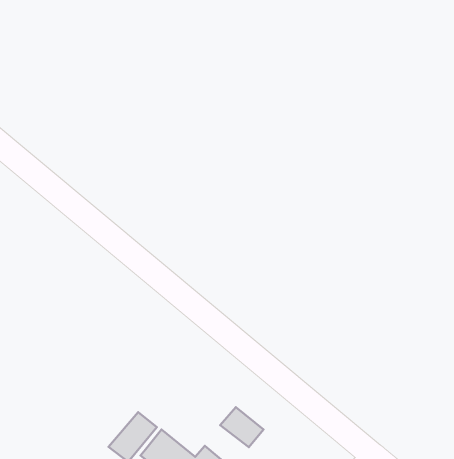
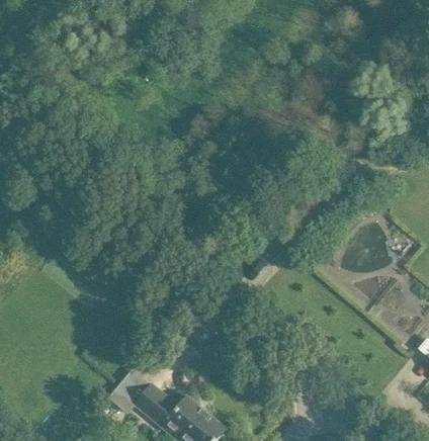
building: [220,407,263,447] -> none

